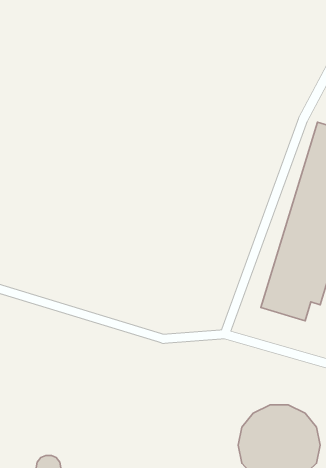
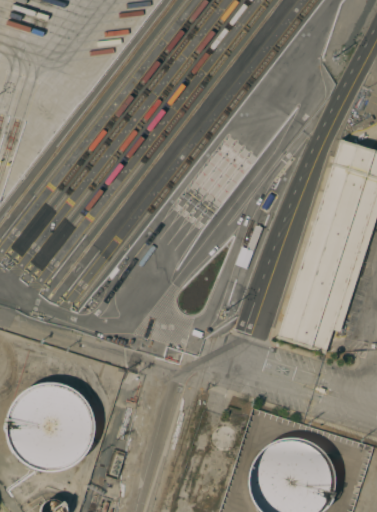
building: none -> [11,385,100,472]

